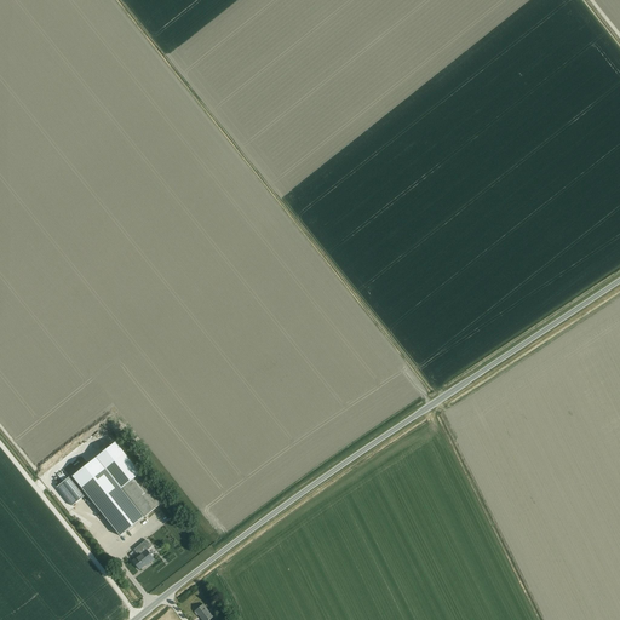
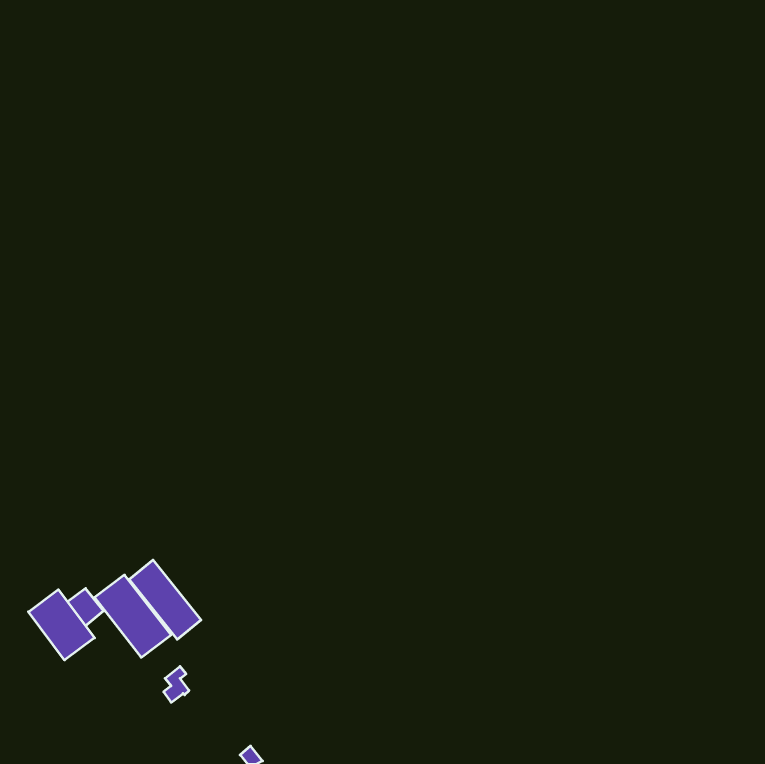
building: none -> [28,590,95,660]

